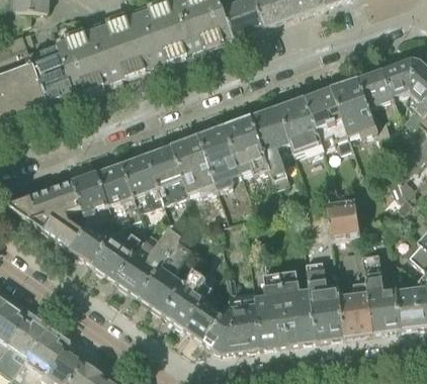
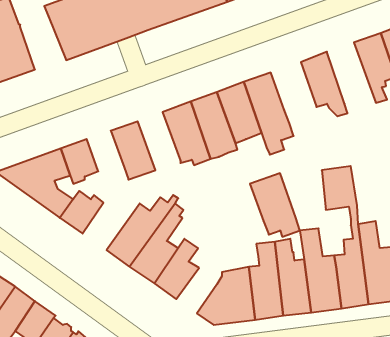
building: [32,53,77,105] -> none
building: [331,78,378,142] -> none
building: [276,97,325,159] -> [250,173,300,237]
building: [147,146,188,202] -> none
building: [97,164,134,203] -> none
building: [93,226,149,280] -> none
building: [184,300,224,342] -> none

